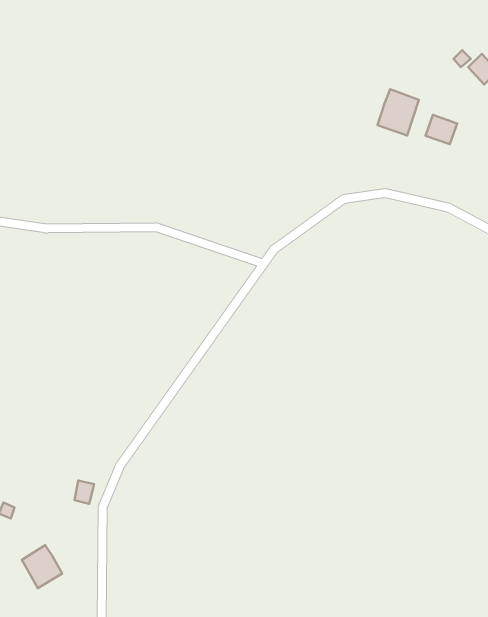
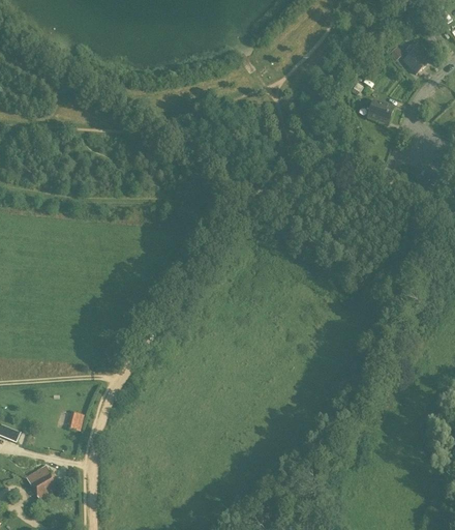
building: [377,89,419,136] -> none

